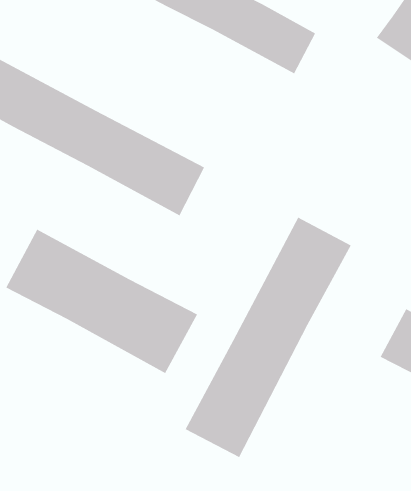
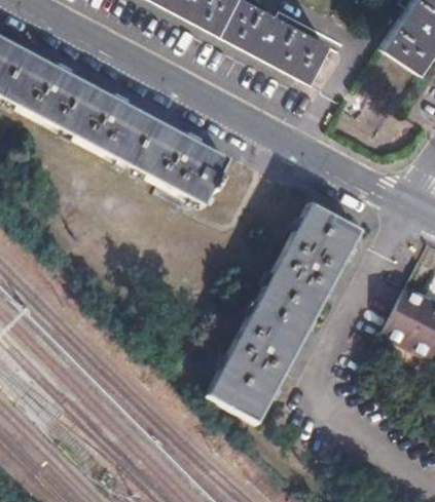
building: [5,229,198,374] -> none

